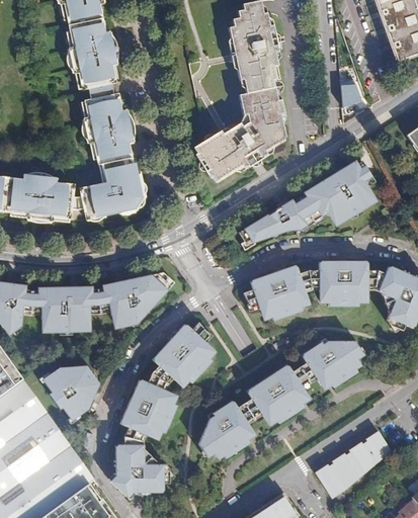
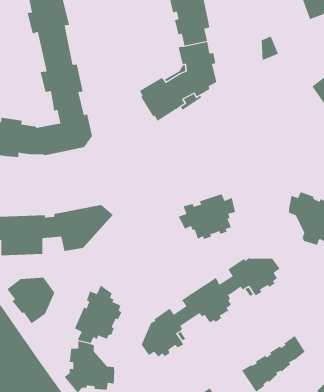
building: [232,162,375,254] -> none
building: [308,258,377,305] -> none
building: [152,322,213,384] -> none

